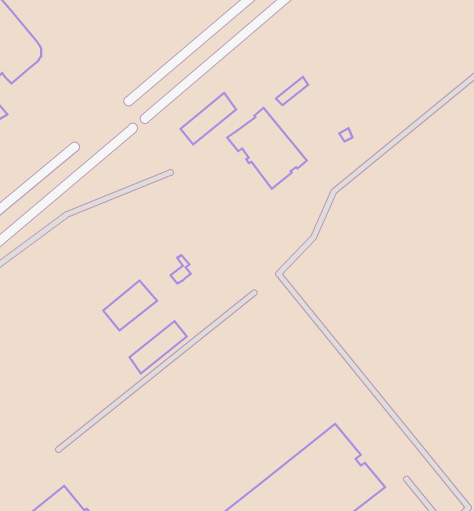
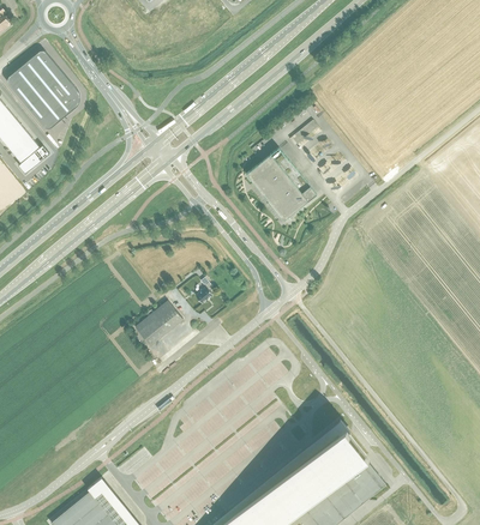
building: [181,93,236,144] -> none
building: [129,321,187,374] -> none

